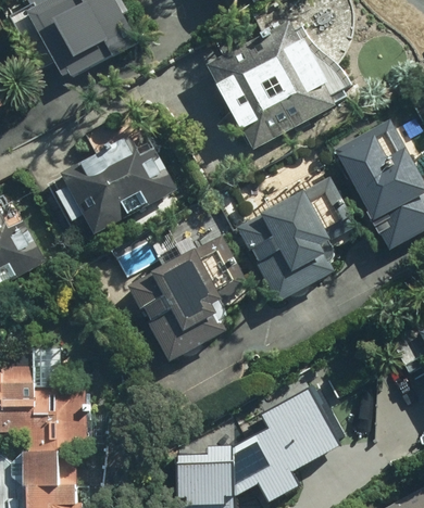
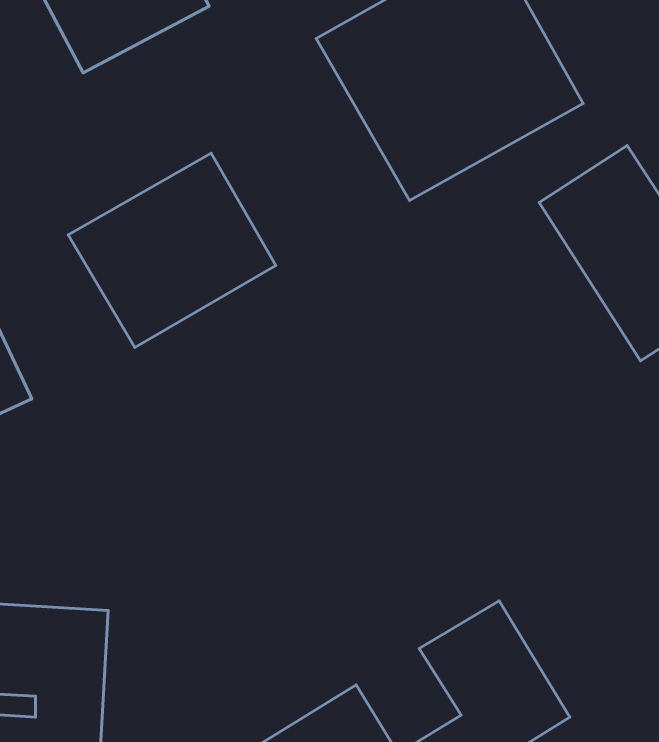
building: [233,172,358,302] -> none
building: [127,233,241,360] -> none

